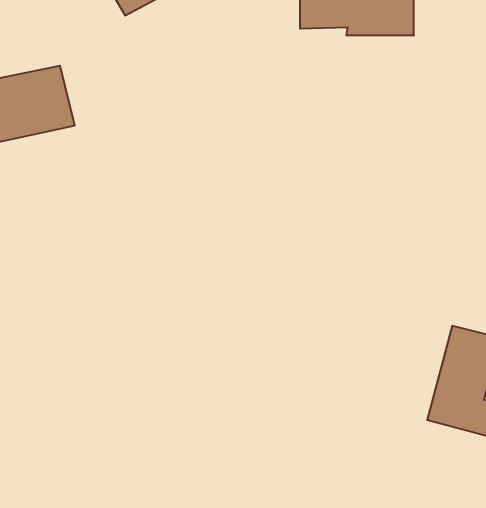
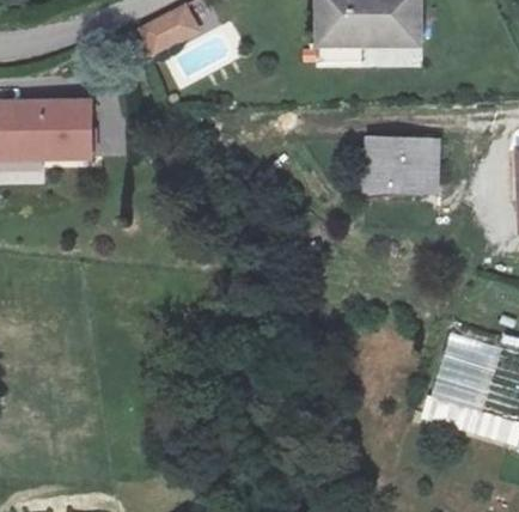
building: none -> [361,148,438,202]

